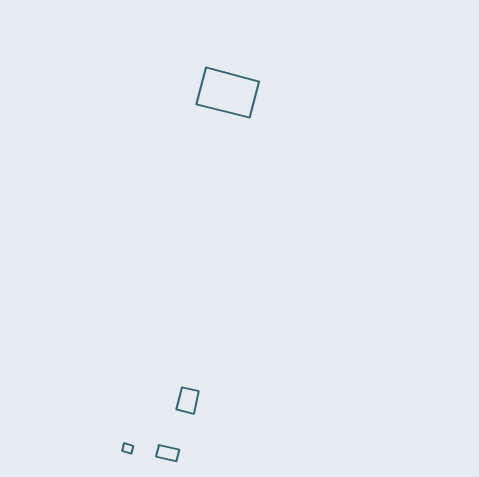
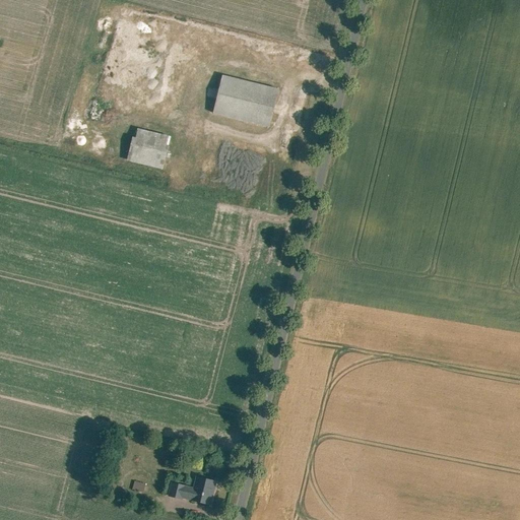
building: none -> [127,128,171,169]
building: [176,387,199,414] -> [191,475,215,504]

